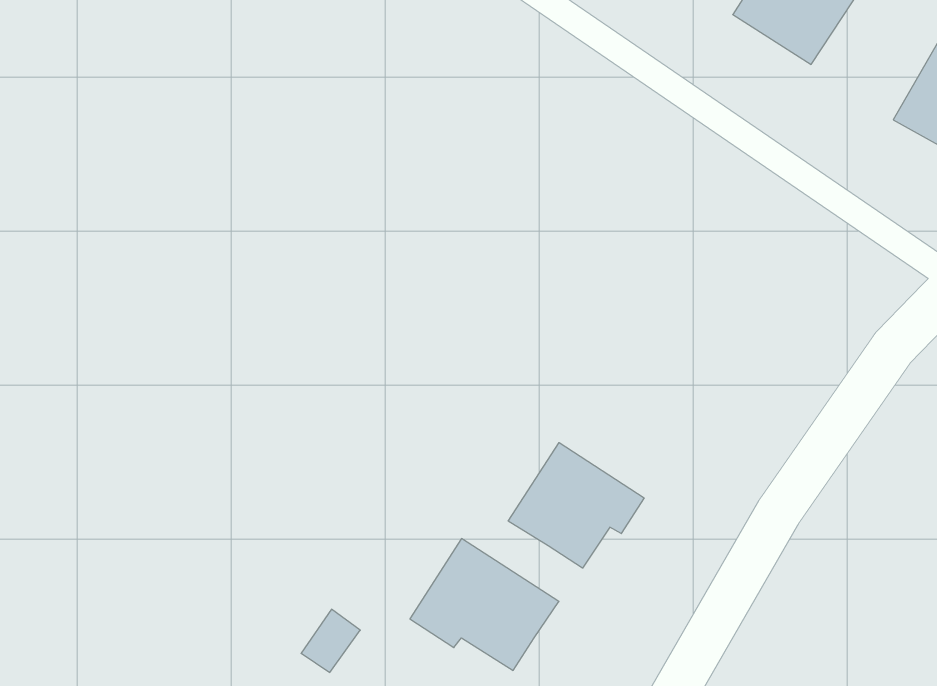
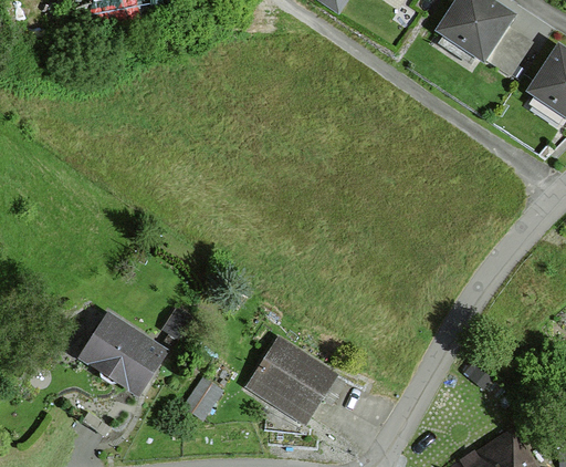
building: [508,443,644,568] -> none
building: none -> [84,315,163,390]

